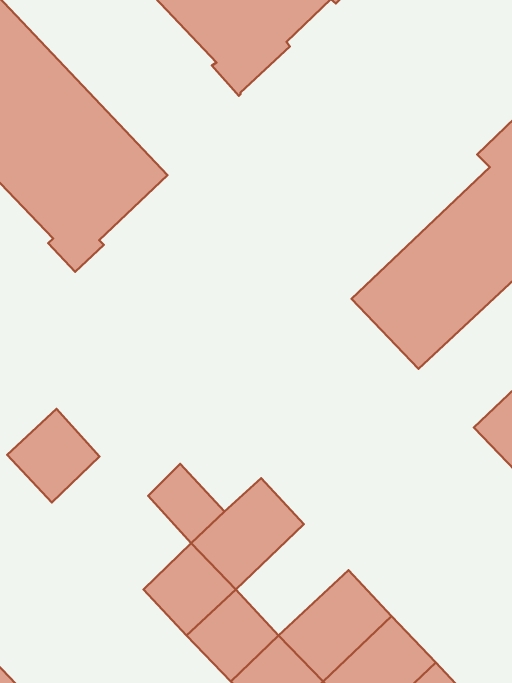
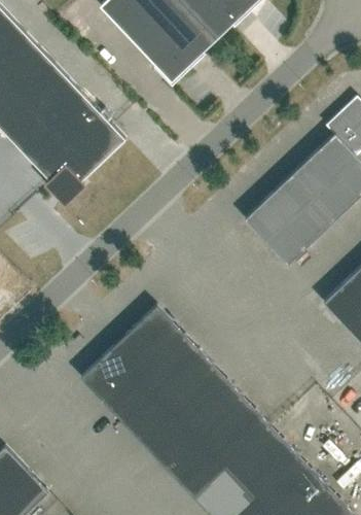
building: [7,409,99,503] -> [81,347,141,408]
building: none -> [134,305,186,357]
building: none -> [170,366,243,438]

